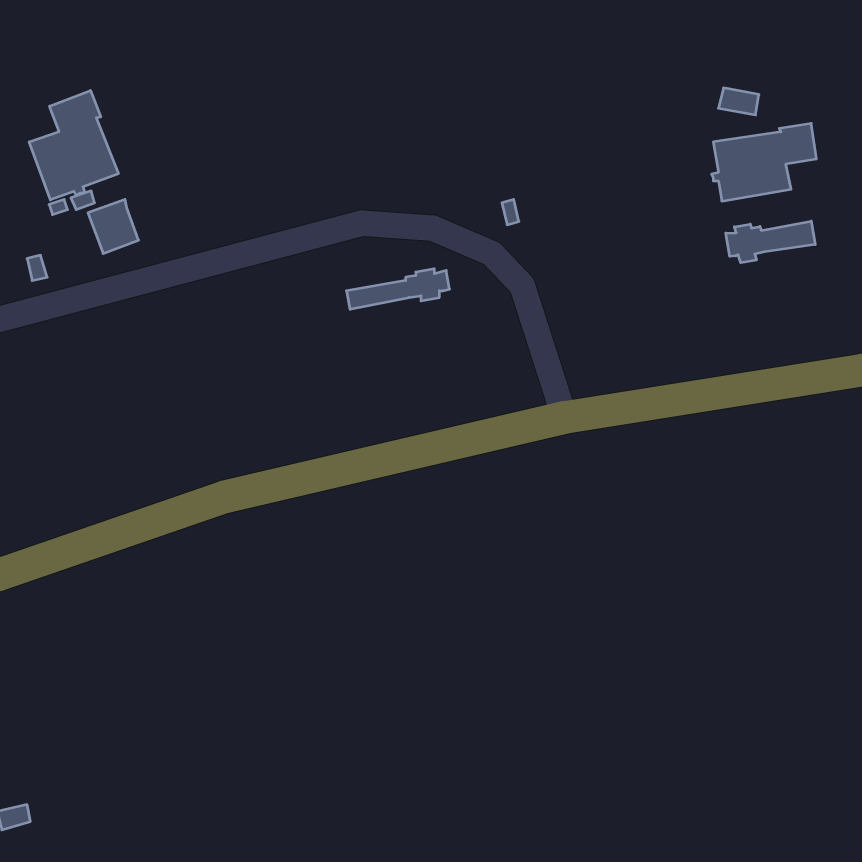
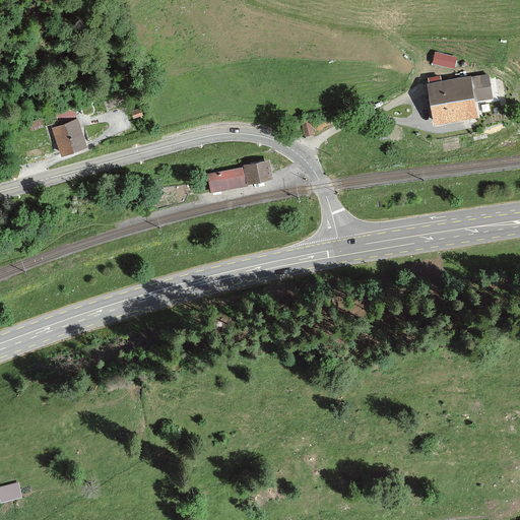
building: [29,90,118,200] -> none
building: [726,221,815,263] -> none

